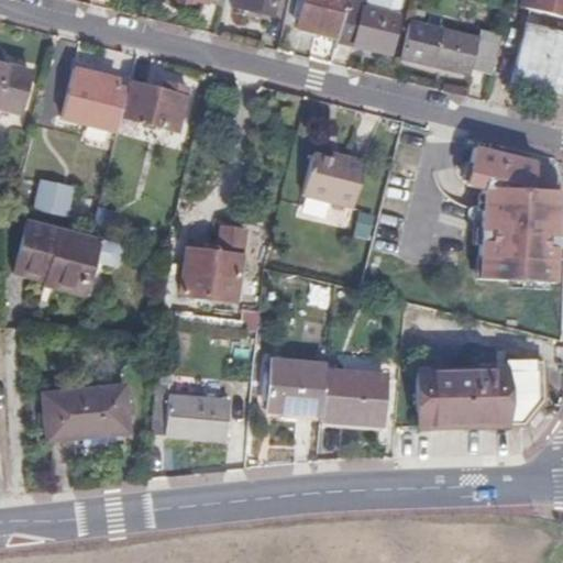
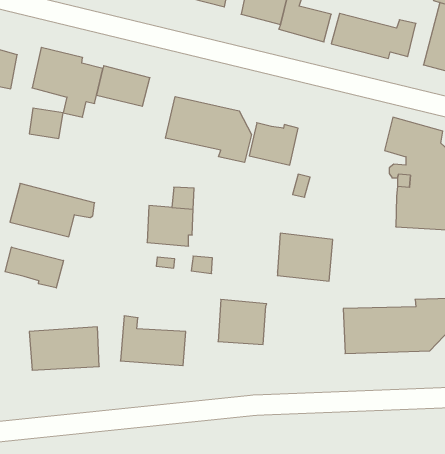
building: none -> [166,97,251,162]
building: [36,176,77,212] -> [29,108,63,138]
building: none -> [5,247,63,288]
building: [322,369,388,427] -> [277,233,333,281]

